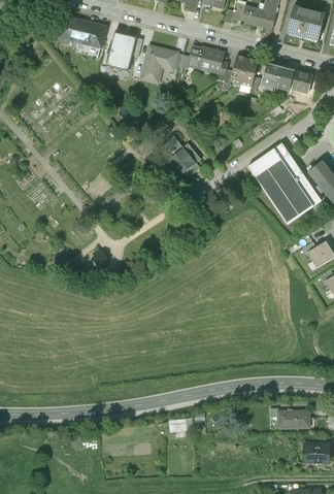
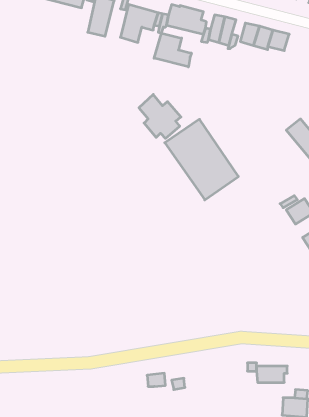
building: none -> [154,33,191,67]
building: [247,143,322,225] -> [165,119,238,200]

